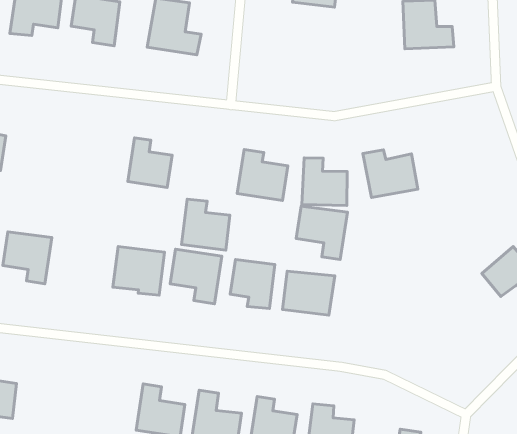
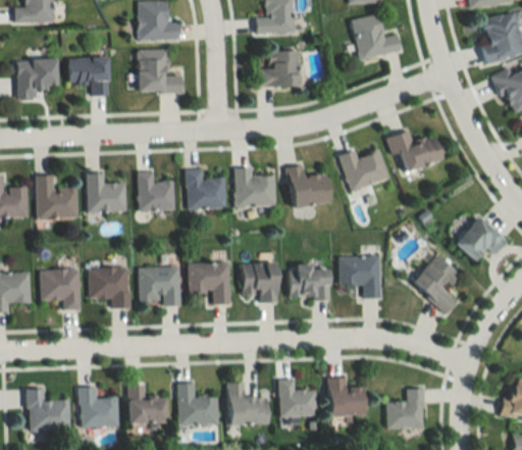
building: none -> [257,51,299,87]
building: none -> [37,176,77,218]
building: none -> [88,173,126,213]
building: none -> [387,133,442,170]
building: [182,199,230,250] -> [186,169,225,210]
building: [296,206,348,260] -> [338,256,379,298]
building: none -> [89,268,130,308]
building: none -> [412,255,460,314]
building: none -> [80,387,119,428]
building: none -> [128,385,168,422]

